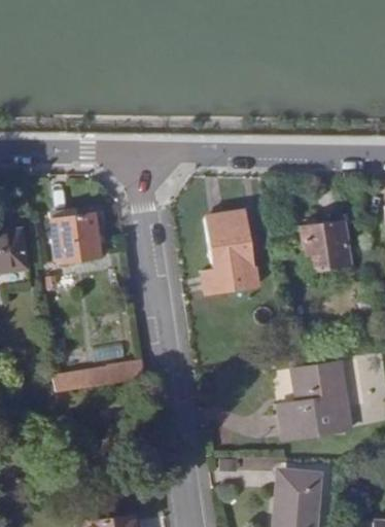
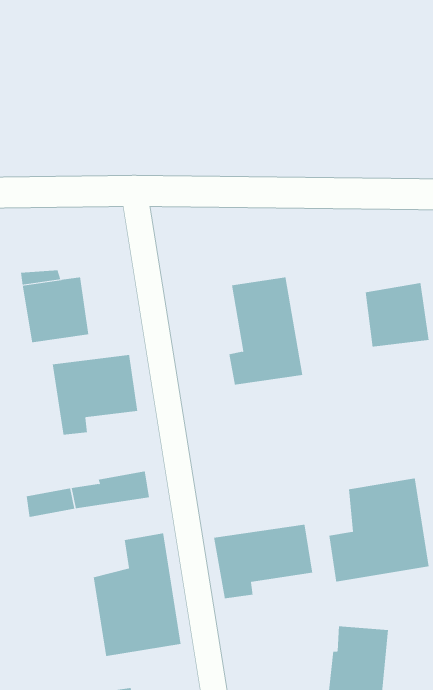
building: none -> [52,354,138,435]
building: none -> [214,524,313,599]
building: none -> [93,533,181,657]

